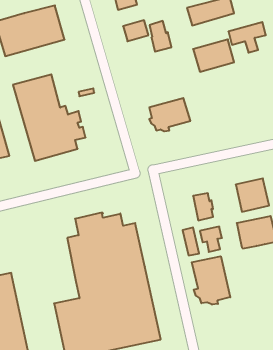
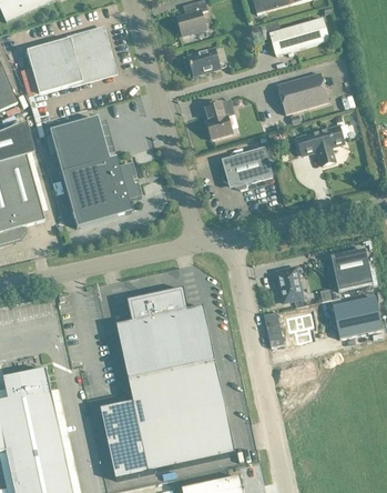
building: [150,21,171,52] -> [205,100,233,139]
building: [228,22,266,53] -> [297,125,345,164]
building: [192,256,230,305] -> none

